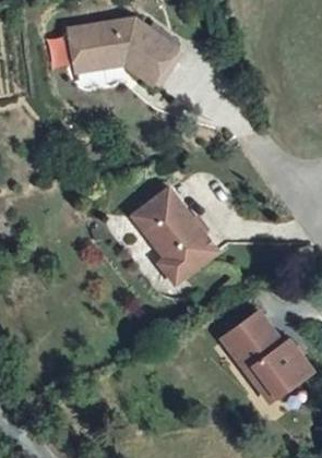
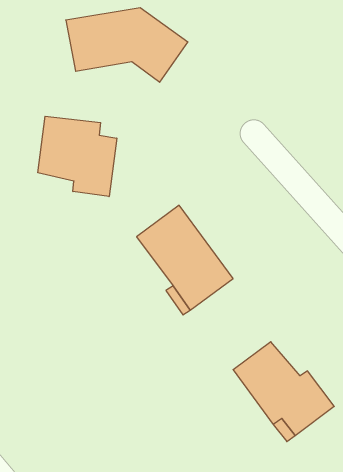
building: none -> [38,116,117,197]

